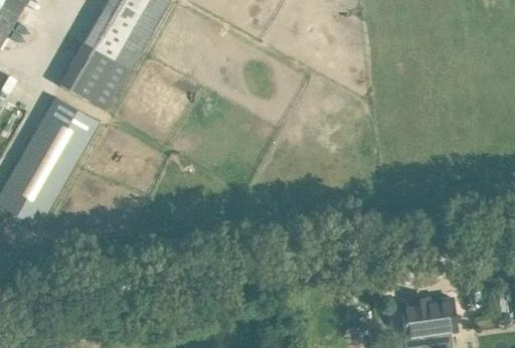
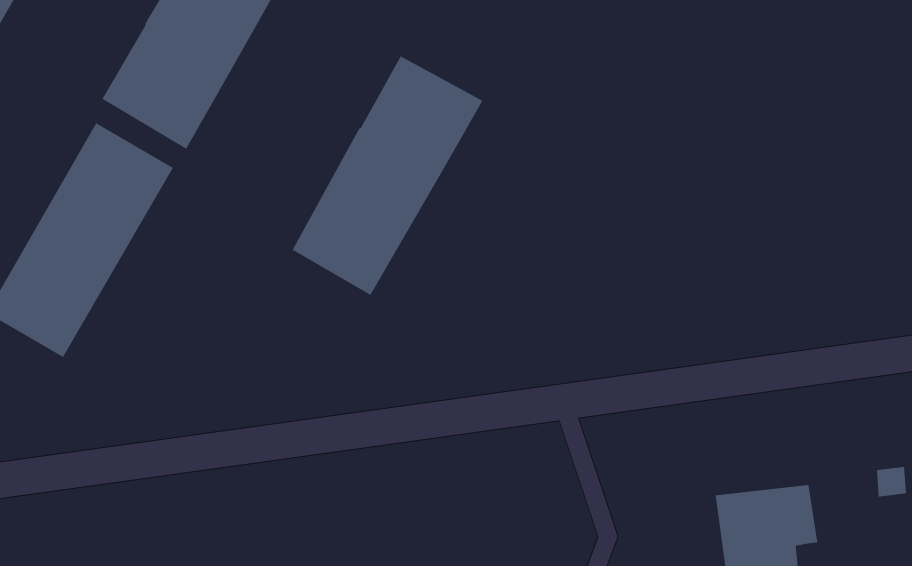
building: none -> [292,55,483,296]

